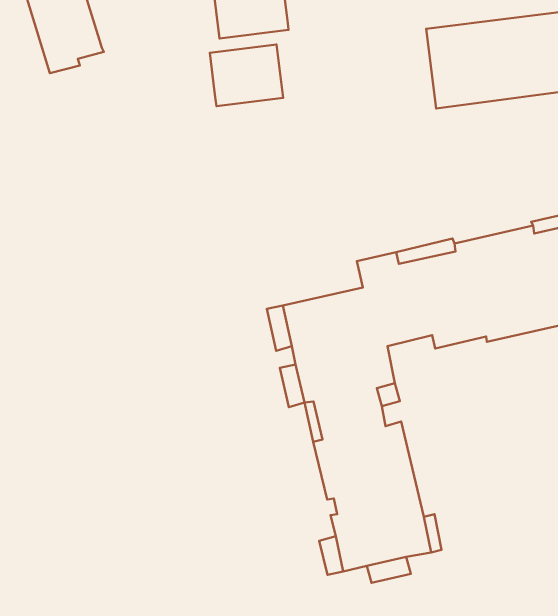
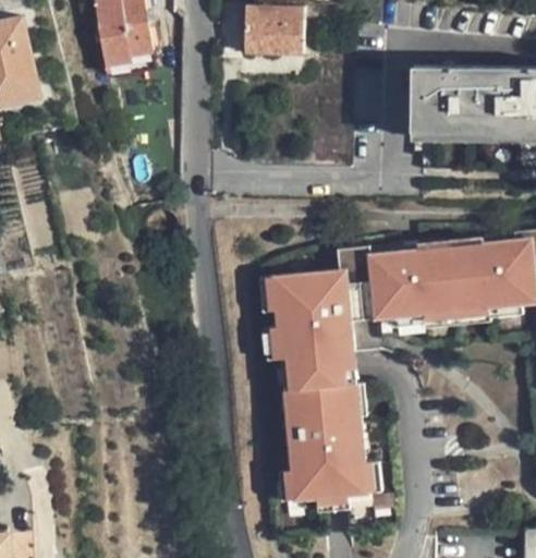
building: [210,44,283,106] -> none

